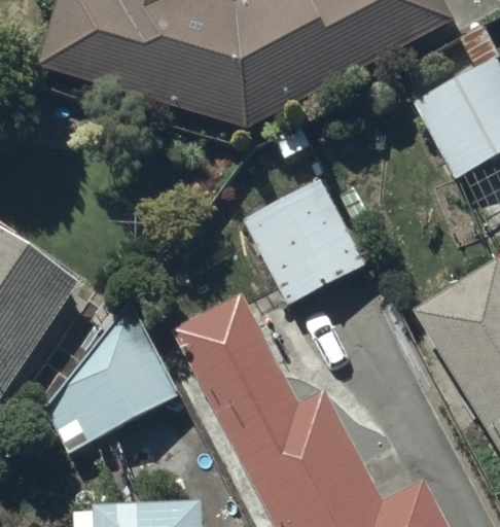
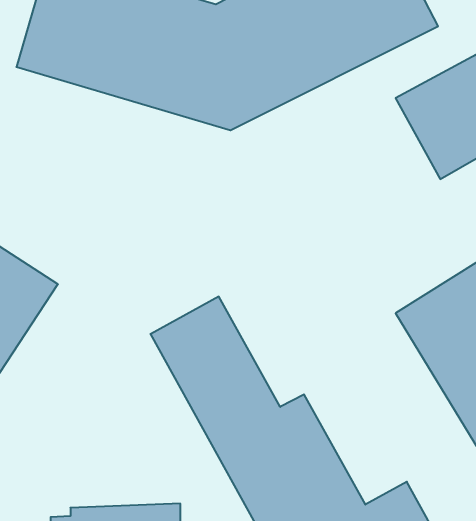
building: [239,178,365,306] -> none
building: [45,295,184,452] -> none

